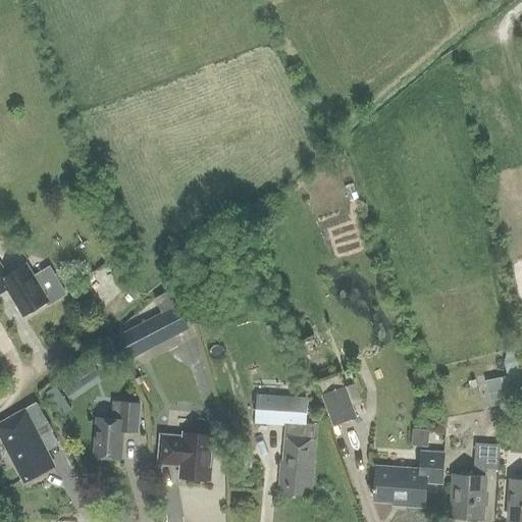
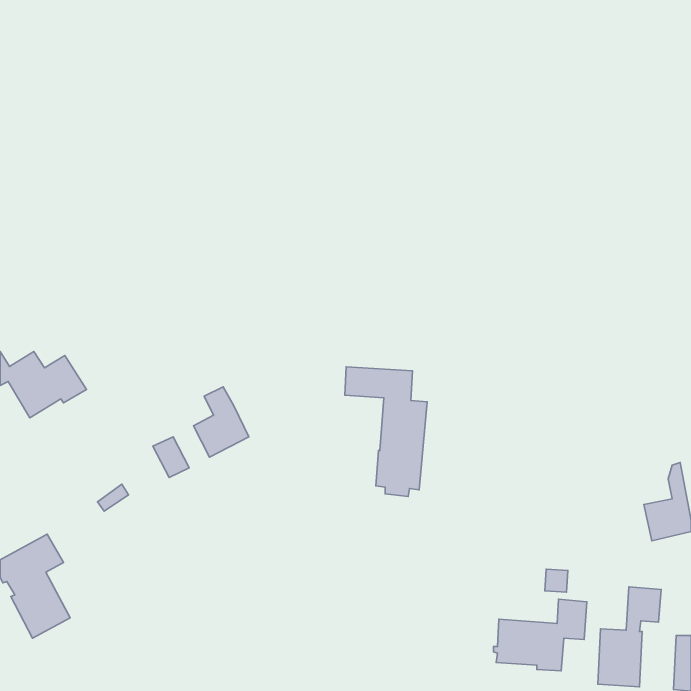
building: [322,388,355,423] -> none
building: [255,398,317,495] -> [345,367,427,497]
building: [94,399,140,457] -> none
building: [160,432,215,479] -> none

